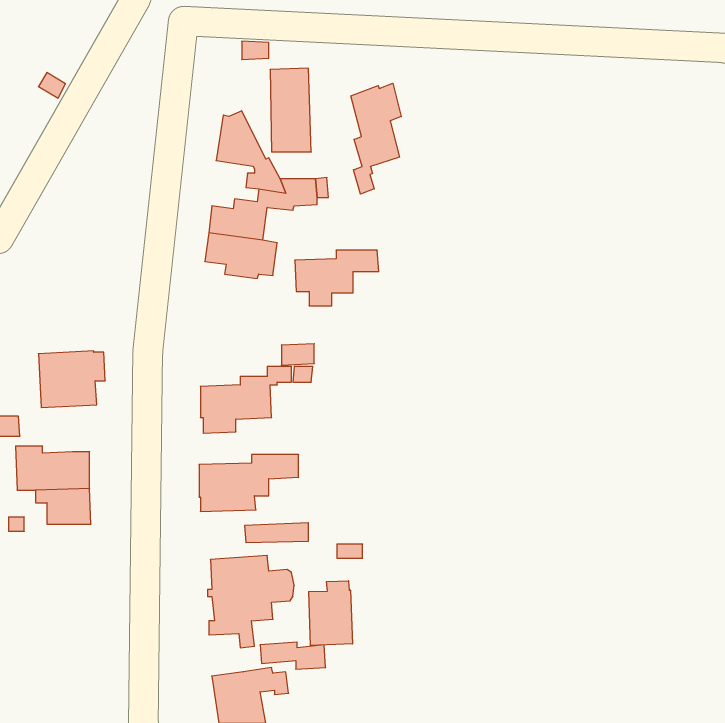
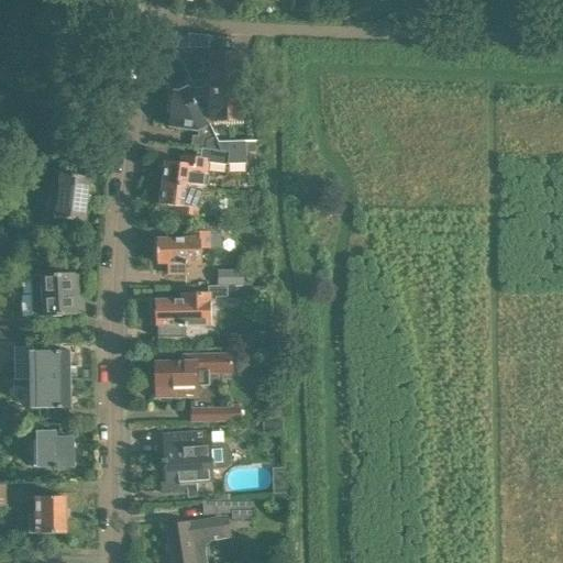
building: [351,83,401,194] -> none
building: none -> [54,174,88,220]
building: [295,250,379,306] -> [155,230,220,273]
building: none -> [37,430,70,465]
building: [309,581,352,645] -> none
building: none -> [26,495,65,532]

